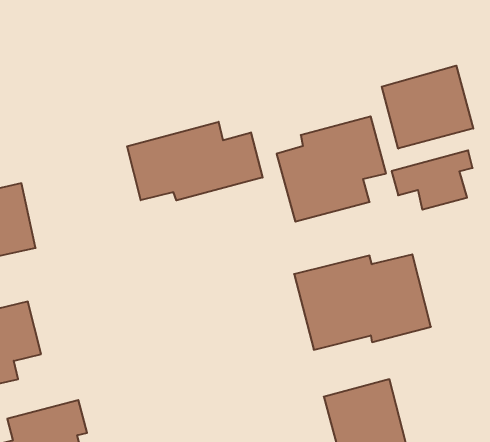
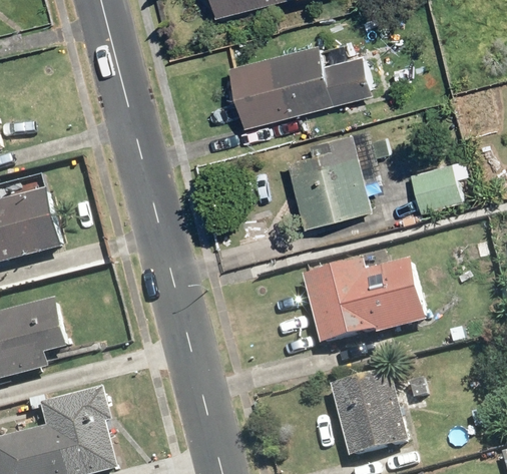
building: none -> [226,41,372,125]
building: [382,66,473,149] -> none
building: [127,122,263,200] -> none

